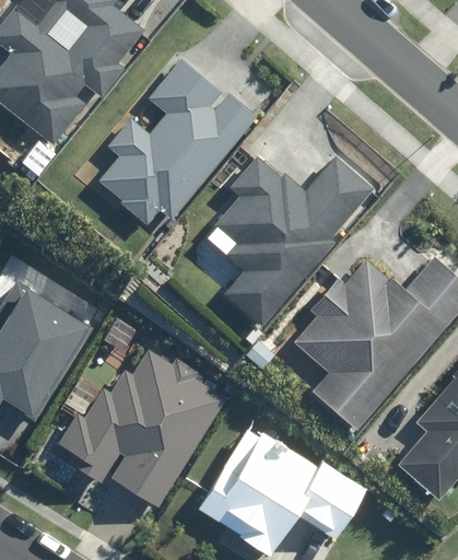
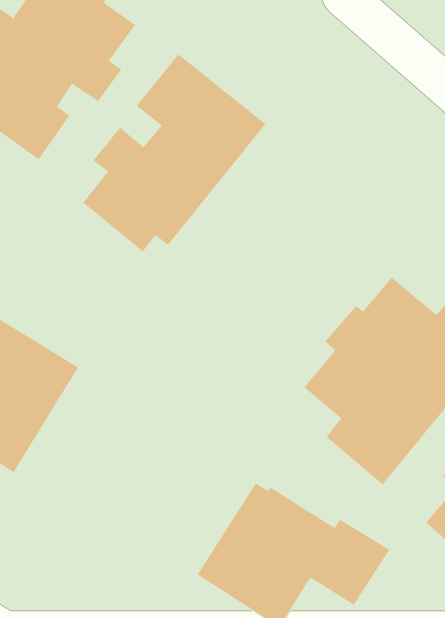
building: [213,151,372,330] -> none
building: [55,347,226,508] -> none

